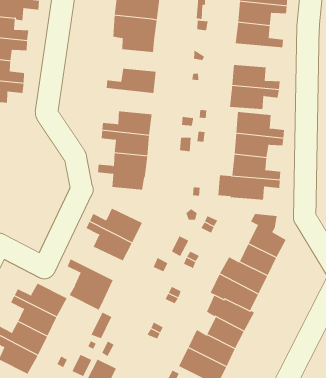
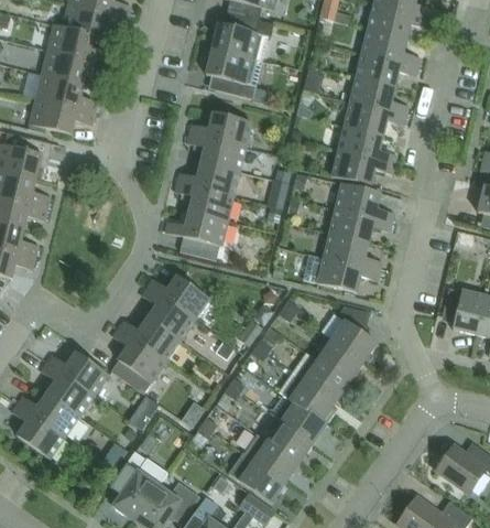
building: none -> [344,101,405,134]
building: none -> [187,132,246,171]
building: none -> [119,317,181,360]

